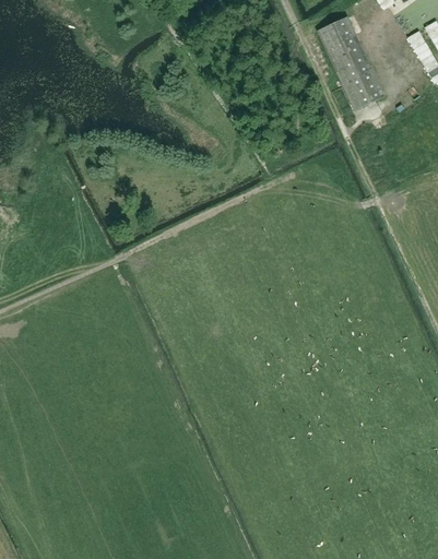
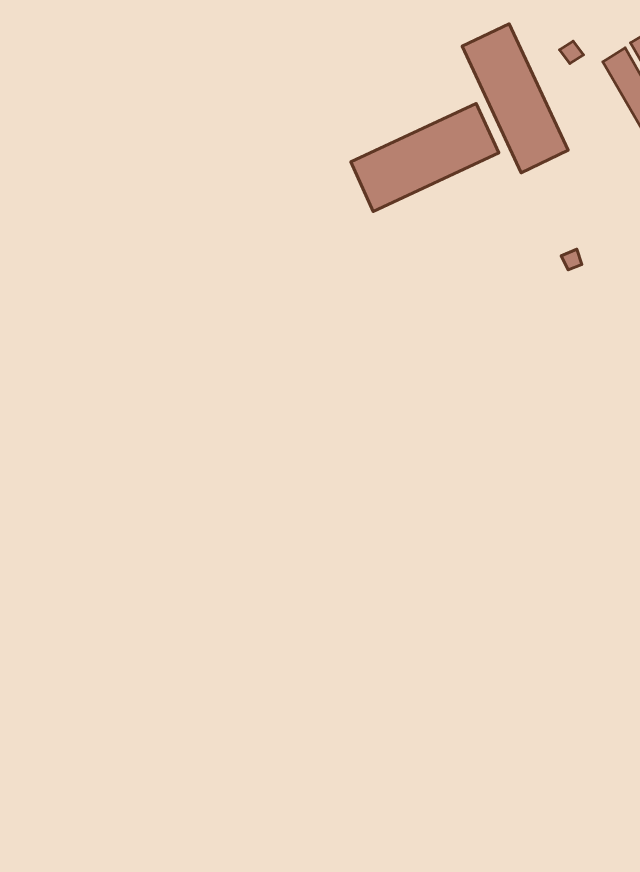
building: none -> [351,103,499,211]

